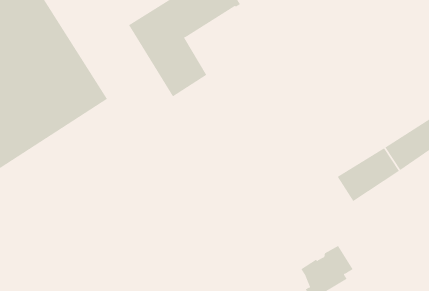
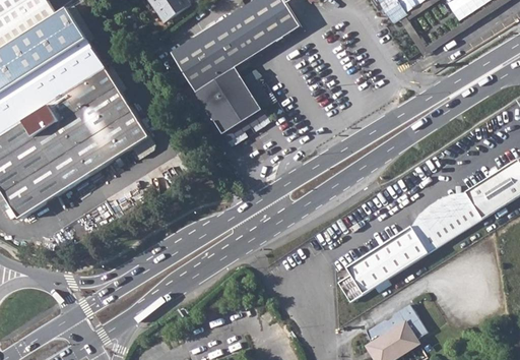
building: none -> [337,225,428,302]

